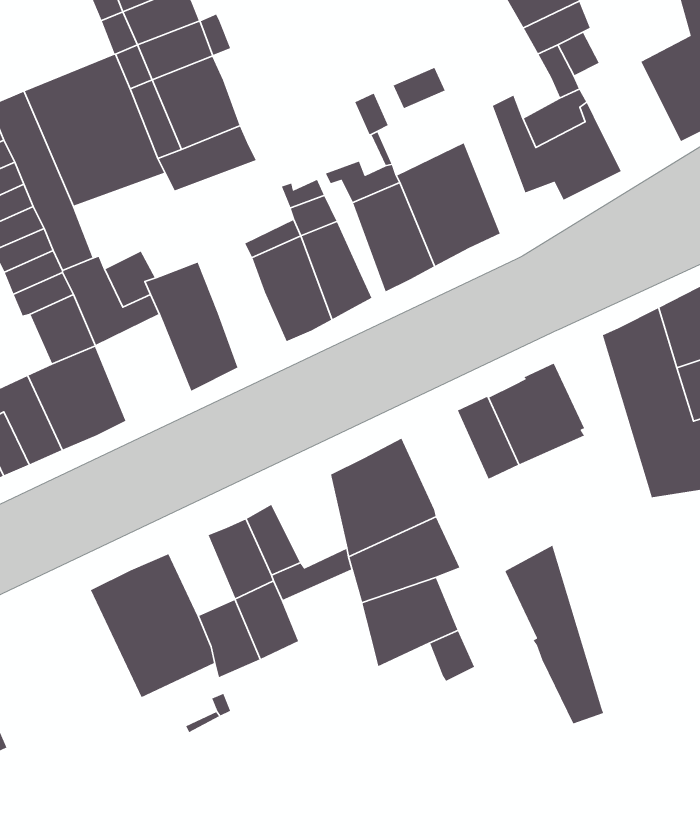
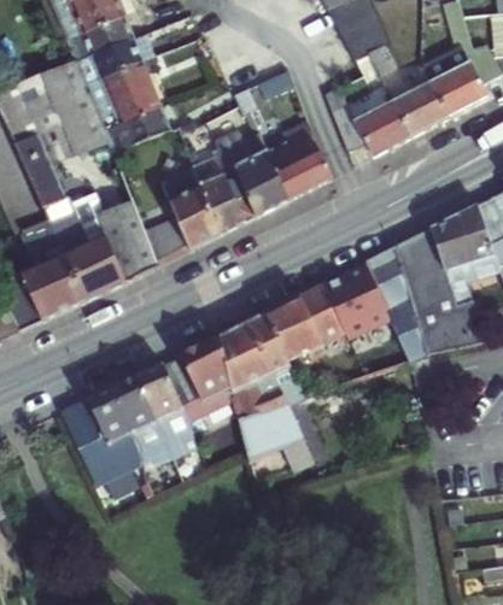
building: none -> [392,72,449,137]
building: none -> [145,217,189,266]
building: none -> [64,231,128,301]
building: none -> [265,294,323,359]
building: none -> [180,336,229,398]
building: none -> [112,376,156,429]
building: [505,545,604,725] -> [365,245,431,363]

